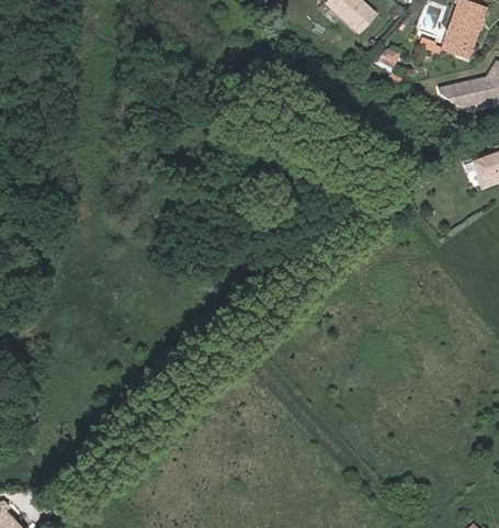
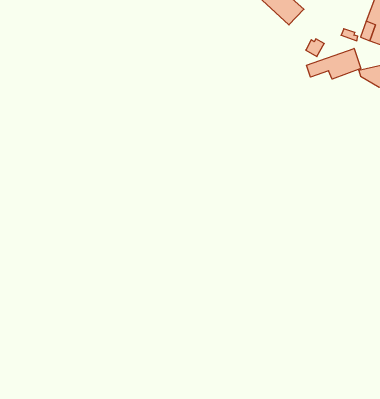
building: none -> [306,48,361,79]

